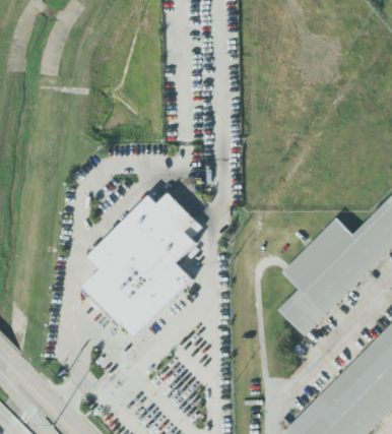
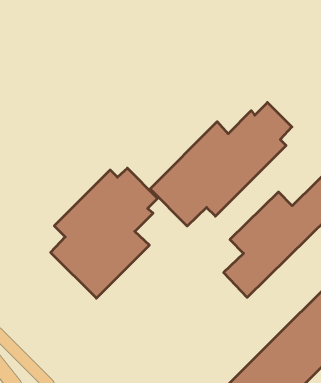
building: none -> [150,102,292,226]

